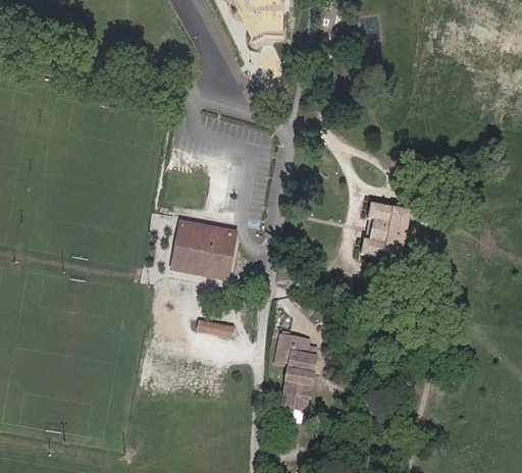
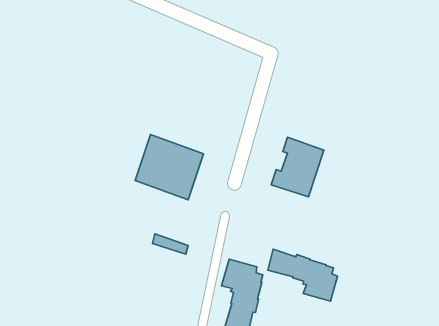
building: [360,203,409,261] -> [271,137,324,197]
building: none -> [268,249,338,301]

